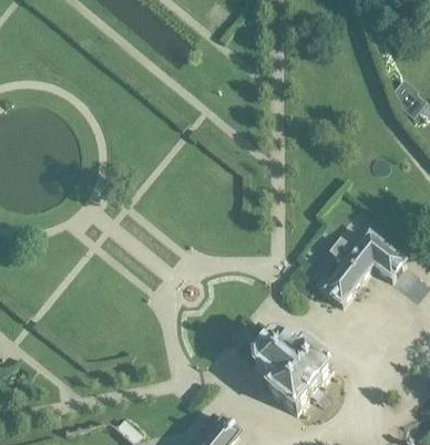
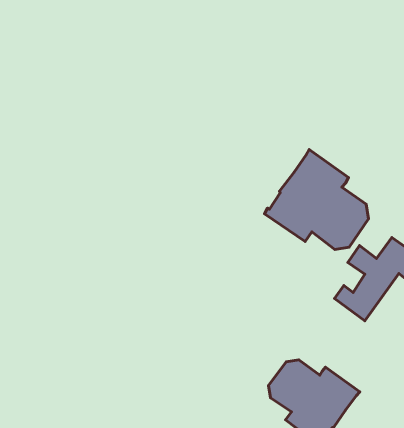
building: none -> [265,150,369,250]

